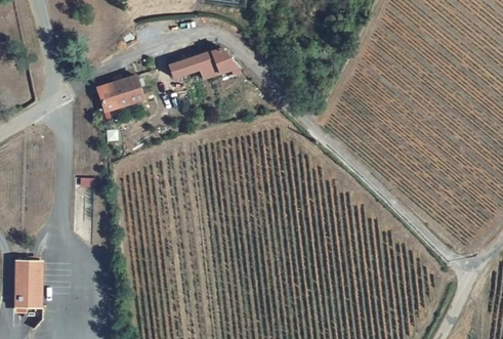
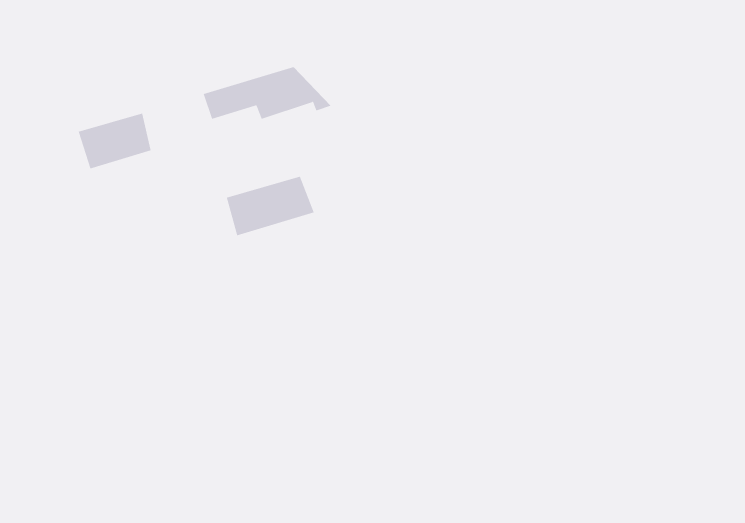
building: none -> [226,176,314,236]

